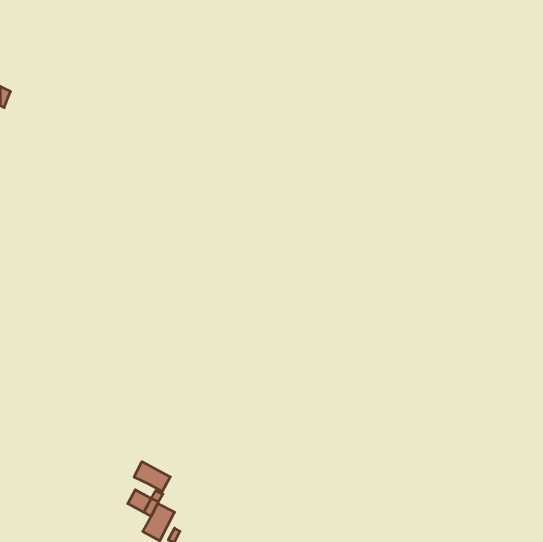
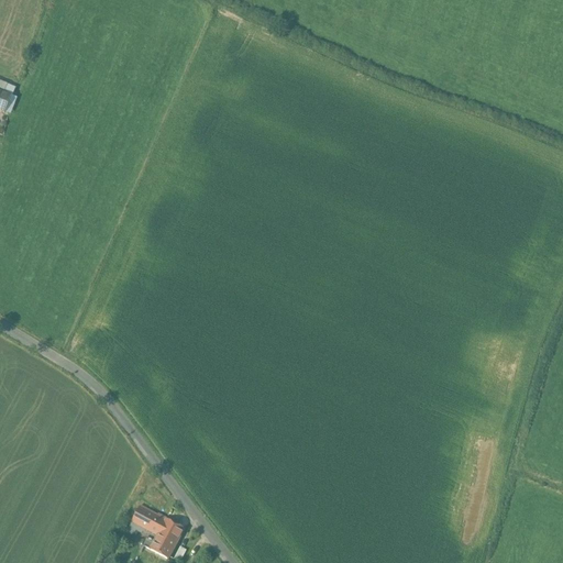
building: [134,462,170,492] -> none

